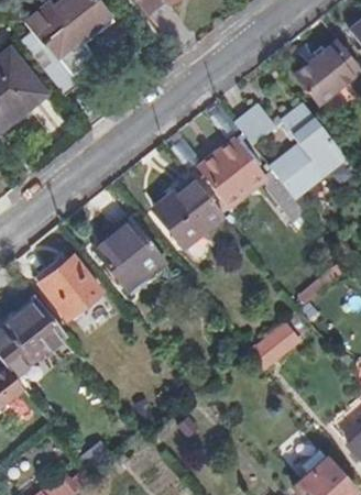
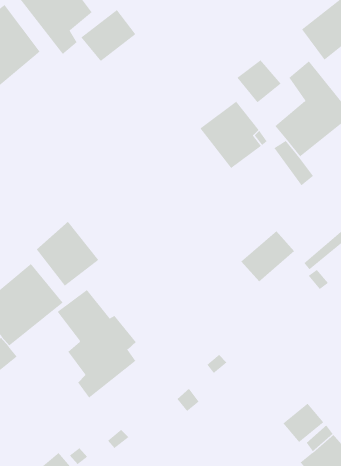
building: none -> [80,9,136,62]
building: [156,174,223,246] -> none
building: [96,220,164,280] -> none
building: [249,320,300,370] -> [241,230,295,282]
building: none -> [57,289,136,398]

